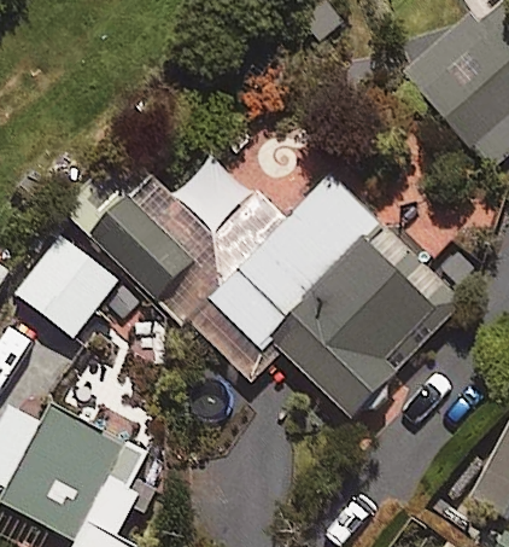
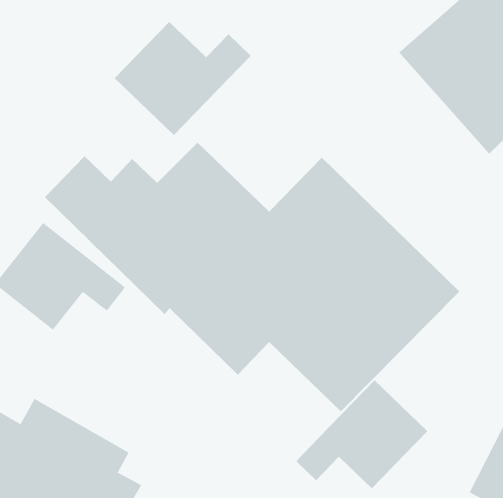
building: none -> [114,21,251,136]
building: none -> [295,380,428,489]

